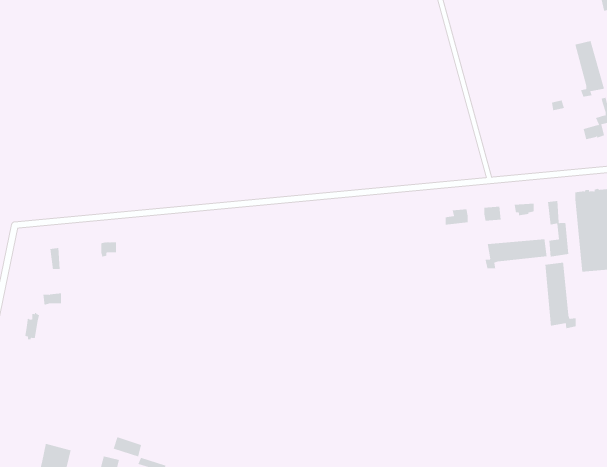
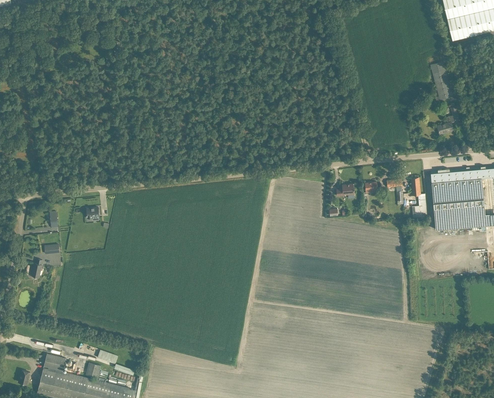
building: [485,239,547,269] -> none
building: [545,262,576,329] -> none

